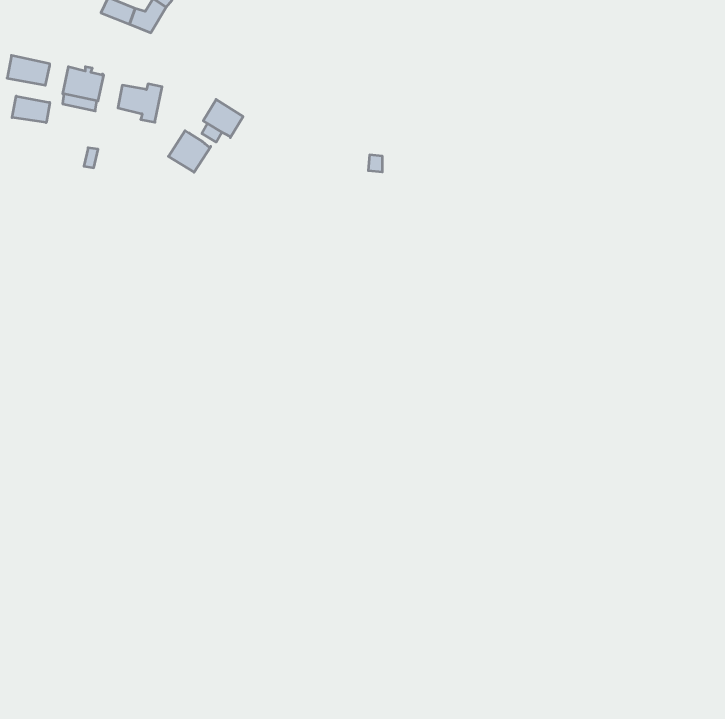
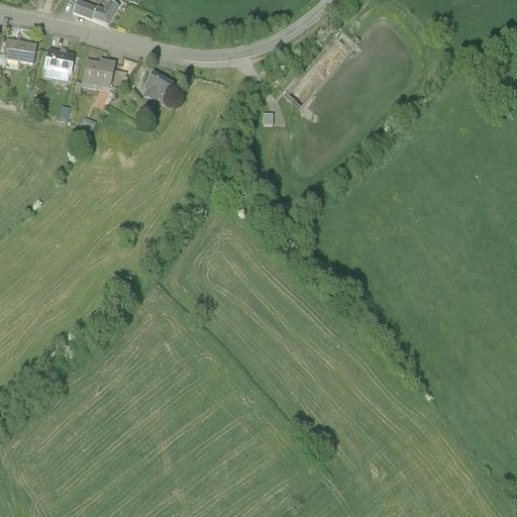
building: [12,96,50,123] -> none
building: [168,131,211,172] -> none

